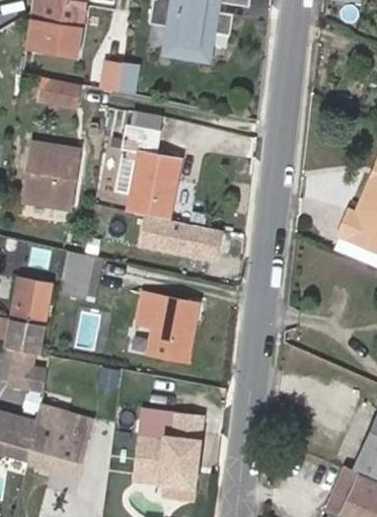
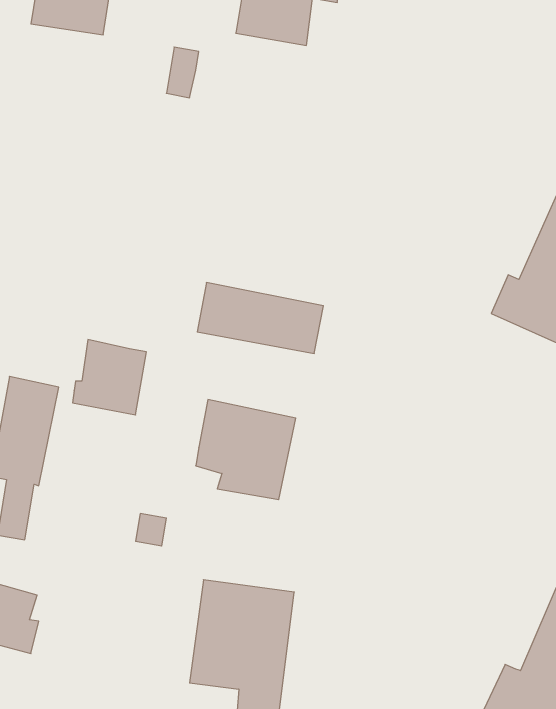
building: [40,74,83,106] -> none
building: [117,110,178,214] -> none
building: [21,141,77,203] -> none
building: [29,404,91,472] -> none

